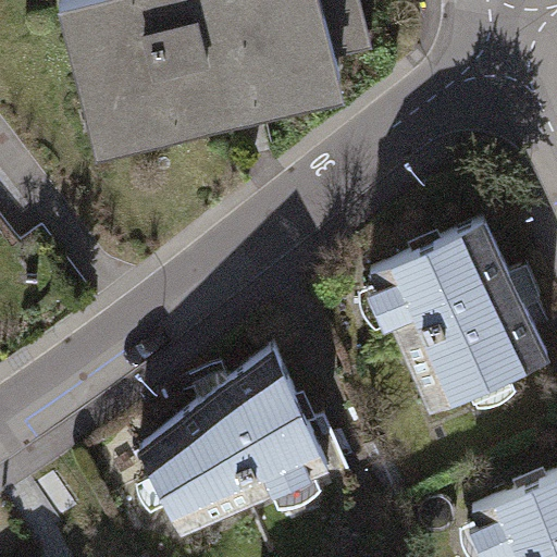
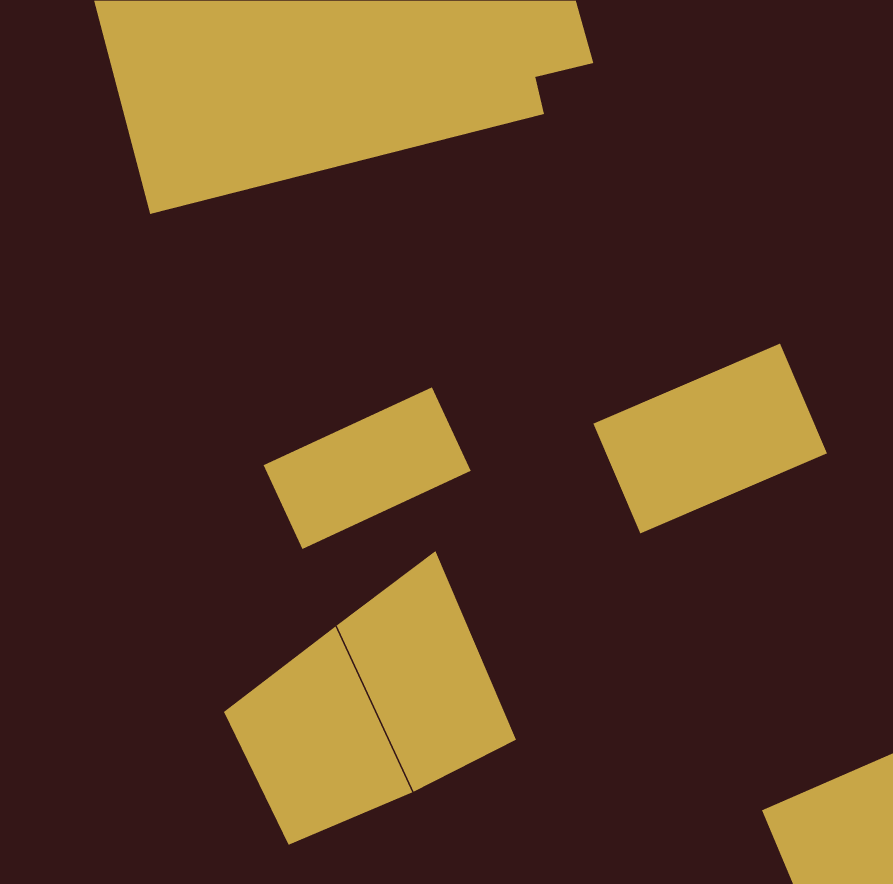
building: none -> [263,386,472,550]
building: [399,289,546,409] -> none

